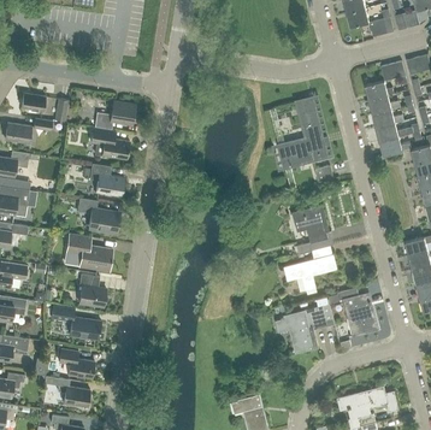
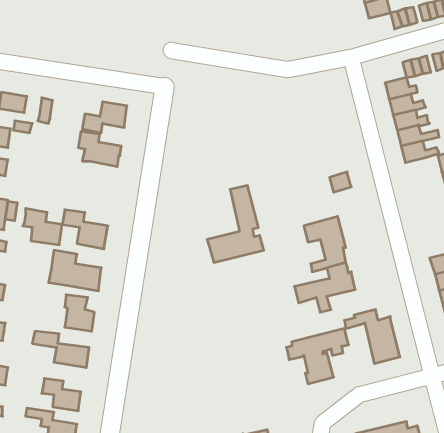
building: [277,99,327,167] -> [207,186,264,262]
building: [88,164,123,196] -> [23,208,62,245]

